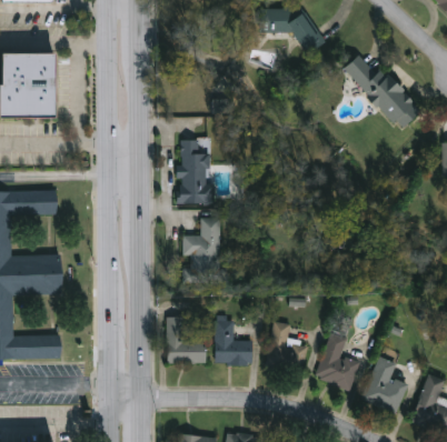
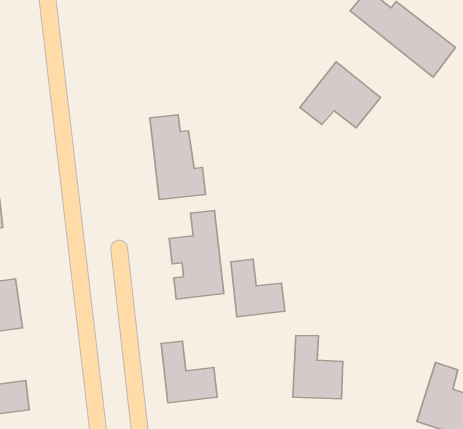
building: none -> [300,62,381,128]
building: [217,321,255,364] -> [231,259,285,317]
building: [317,332,361,390] -> none

